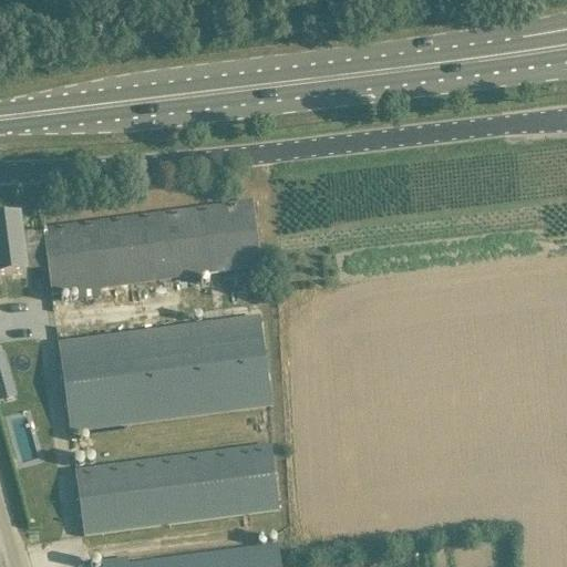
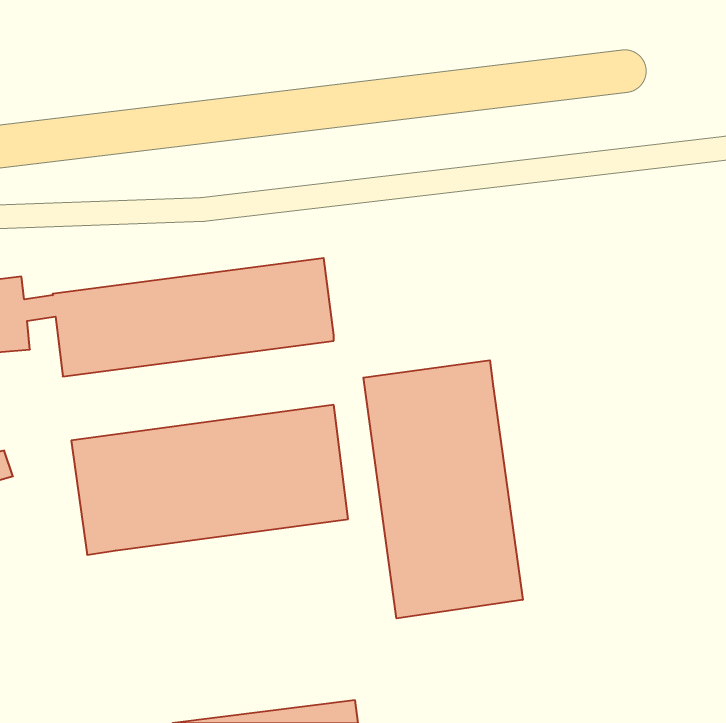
building: none -> [363,360,523,618]
building: [73,443,279,534] -> none

